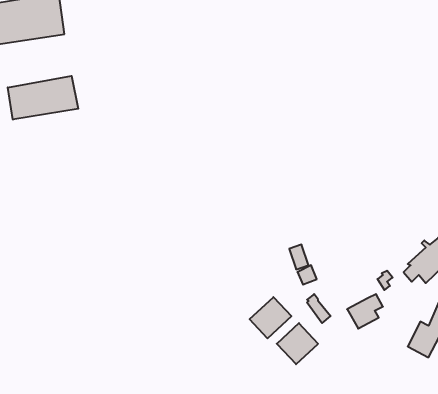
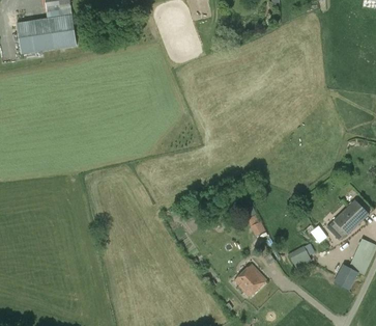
building: [8,76,78,120] -> none
building: [250,297,291,338] -> none

